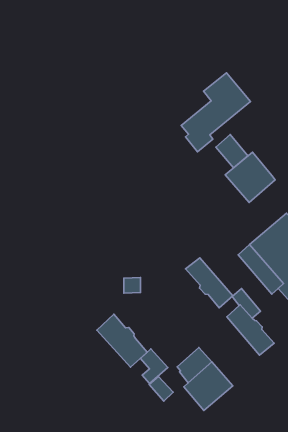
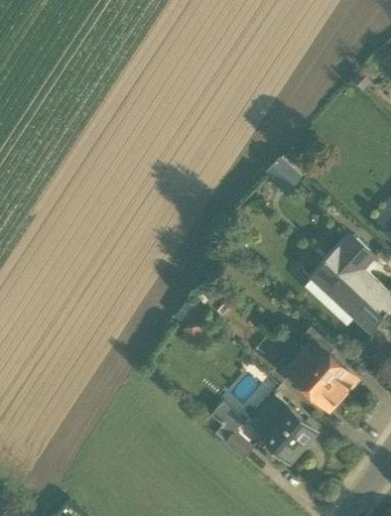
building: [181,73,250,152] -> none
building: [225,152,275,203] -> none
building: [186,258,233,308] -> [287,358,343,410]
building: [97,314,147,367] -> none

